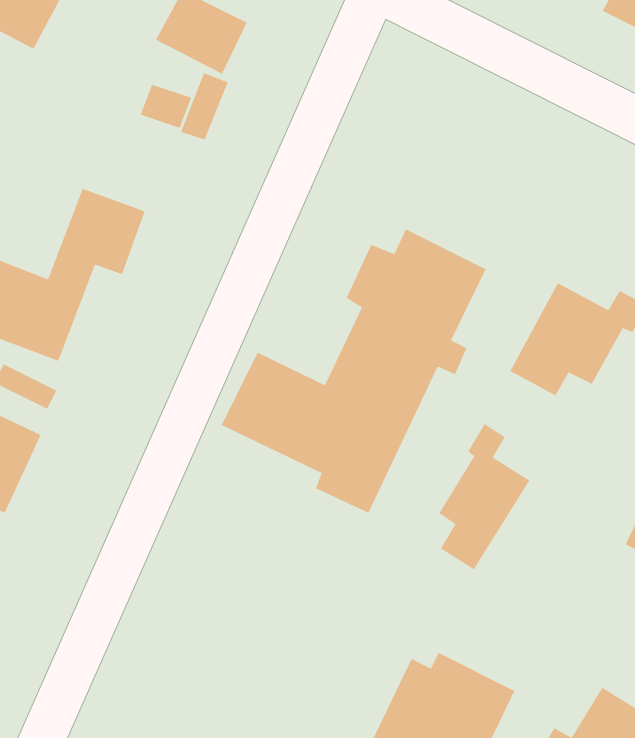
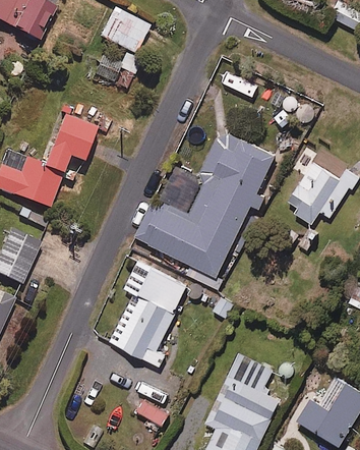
building: [438,423,530,570] -> none
building: none -> [110,261,188,367]

